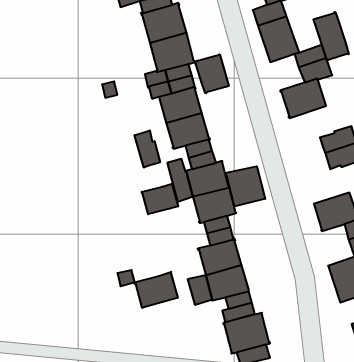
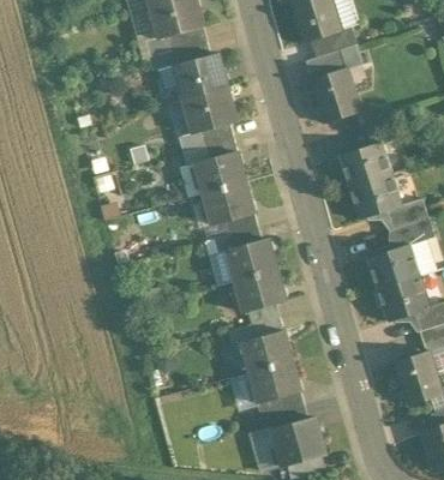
building: [313,12,349,61] -> none
building: [195,54,229,93] -> none
building: none -> [349,173,402,220]
building: [135,130,160,168] -> none
building: none -> [367,242,420,288]
building: [225,166,265,207] -> none
building: [142,183,178,214] -> none
building: [135,272,178,308] -> none
building: none -> [250,430,281,469]

